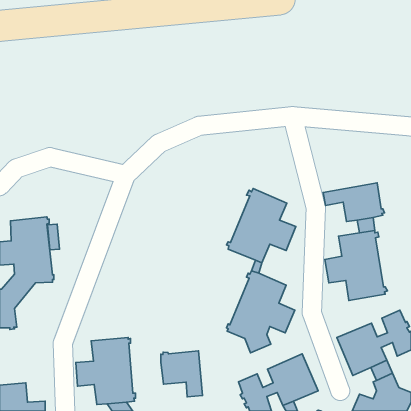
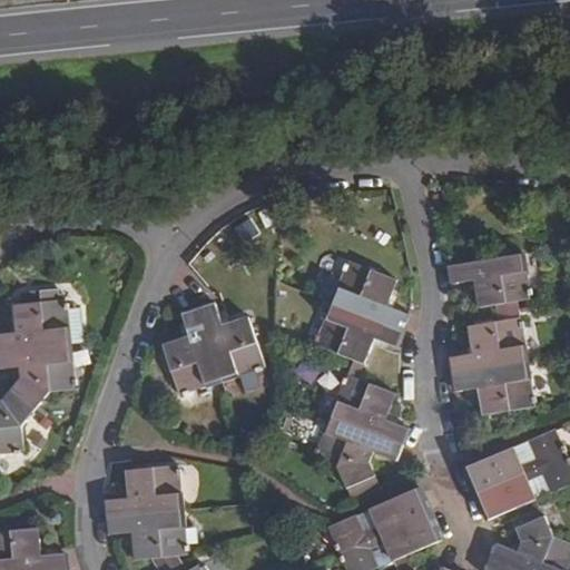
building: none -> [161,304,264,395]
building: [161,351,202,397] -> none

